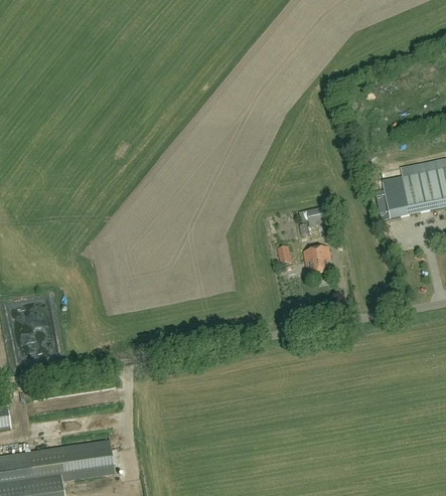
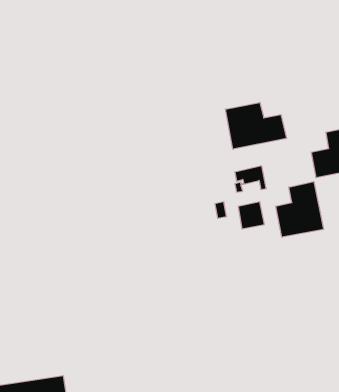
building: none -> [225,102,286,149]
building: none -> [276,182,323,237]

